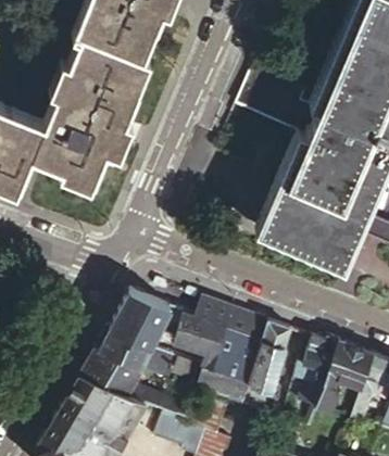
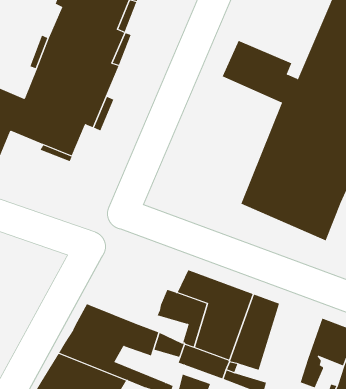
building: [111,289,176,349] -> none
building: [294,338,340,407] -> none

